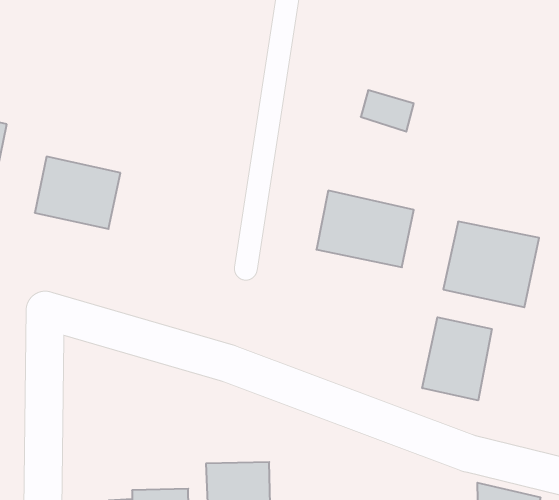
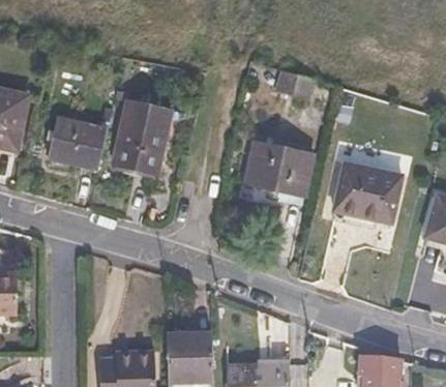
building: none -> [114,101,171,174]
building: [422,317,492,400] -> none

